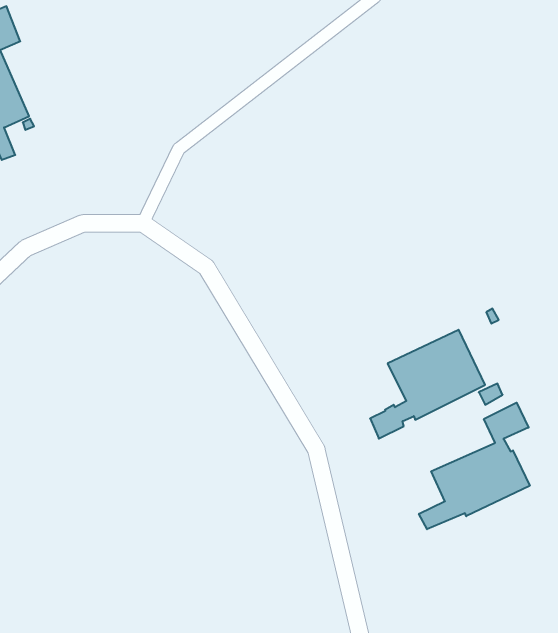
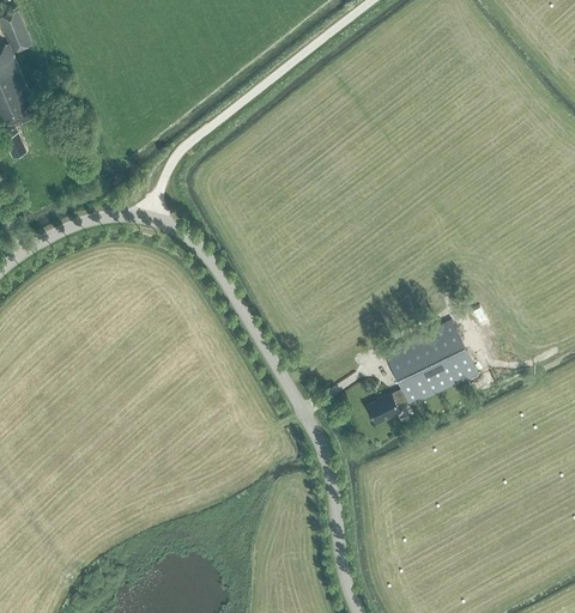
building: [419,403,530,529] -> none

